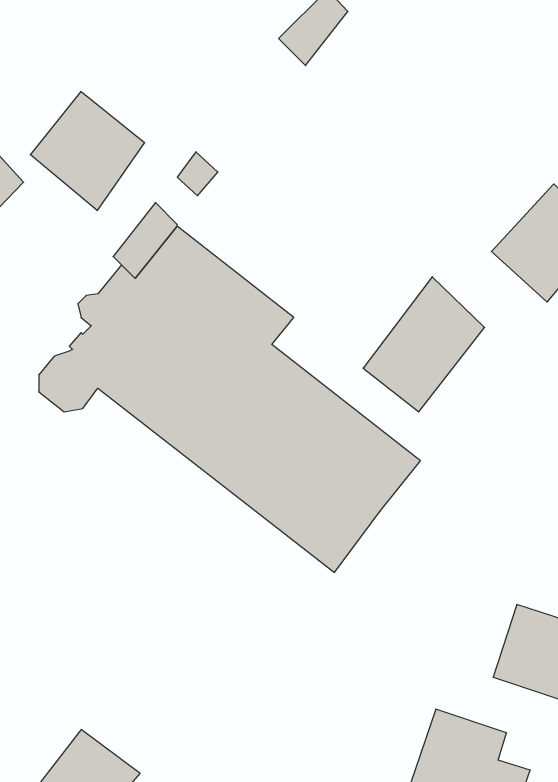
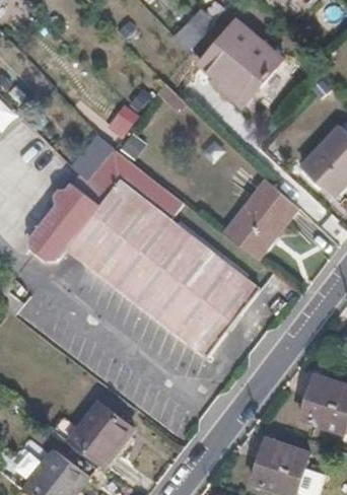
building: none -> [198,18,282,101]
building: [30,92,144,211] -> none
building: none -> [66,402,135,470]

